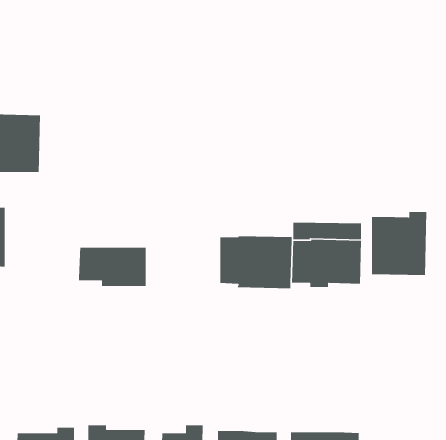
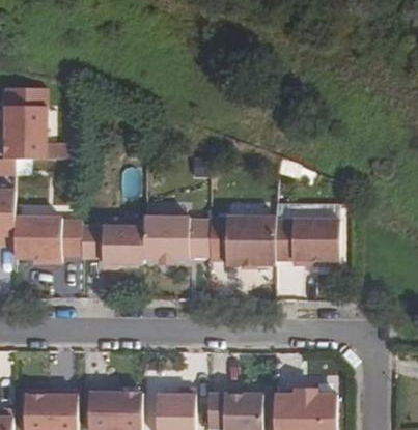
building: [371,211,427,276] -> none
building: none -> [15,217,82,261]
building: none -> [143,217,210,258]

